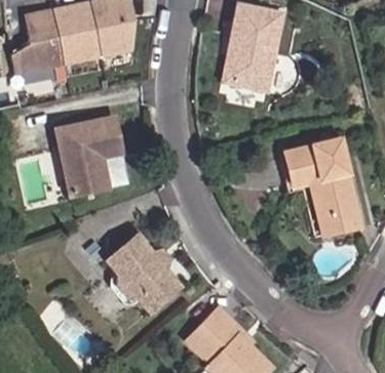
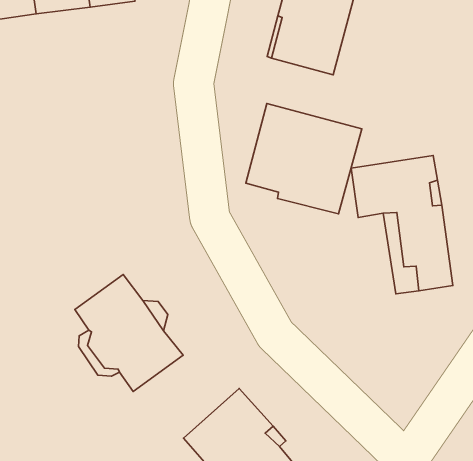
building: none -> [246,103,362,214]
building: [56,121,122,199] -> none

